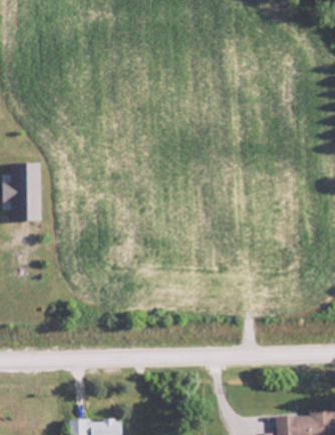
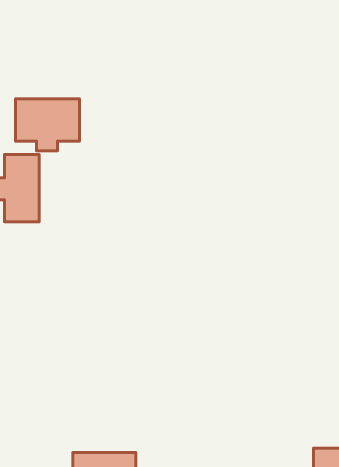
building: none -> [15,99,80,151]

